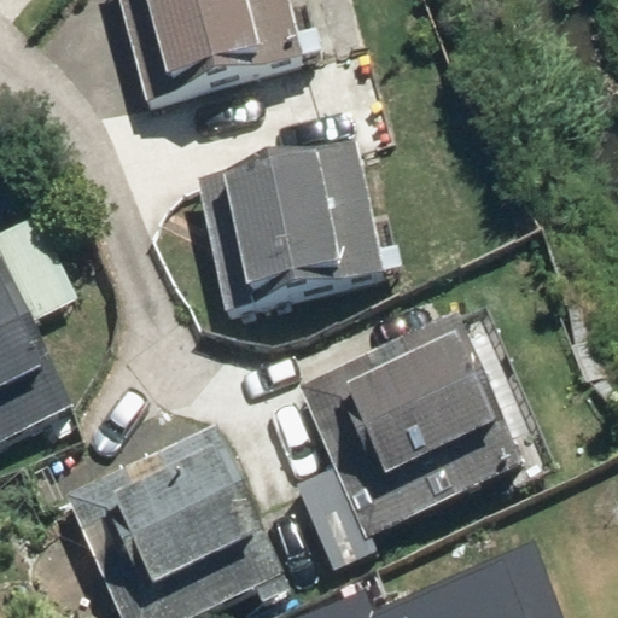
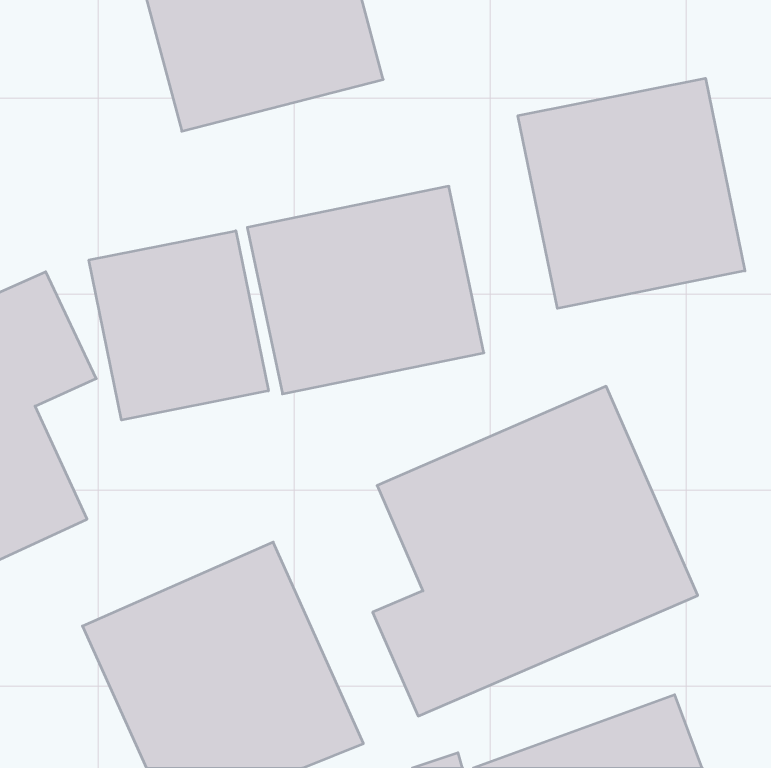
building: none -> [518,78,745,308]
building: none -> [89,231,268,420]

